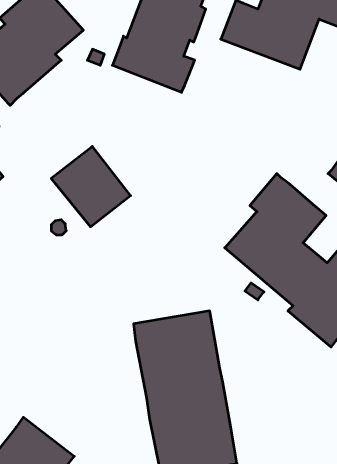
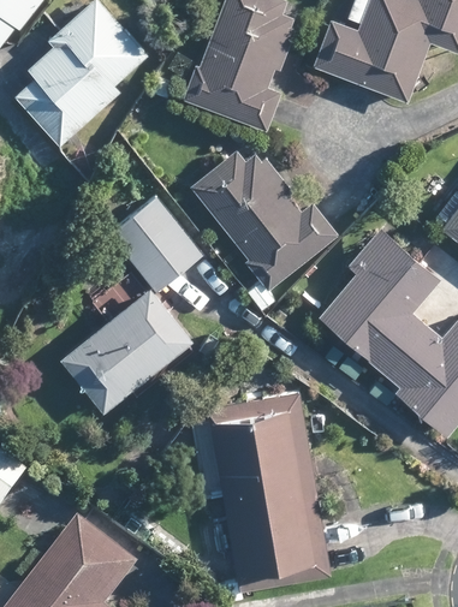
building: none -> [190,149,337,310]
building: none -> [59,287,191,412]

